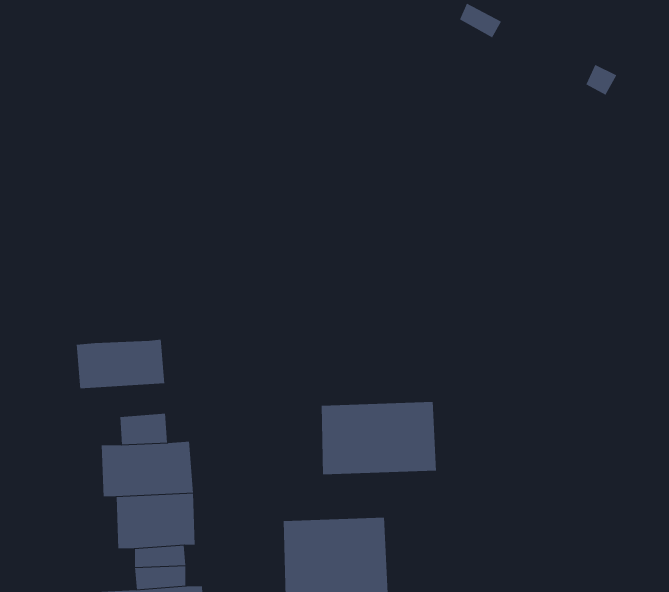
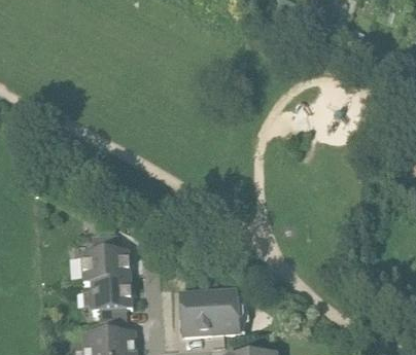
building: [76,339,165,389] -> none
building: [321,401,436,475] -> none

